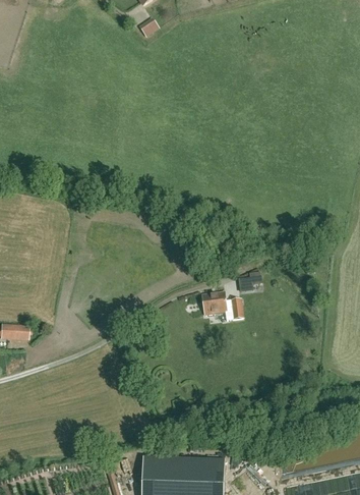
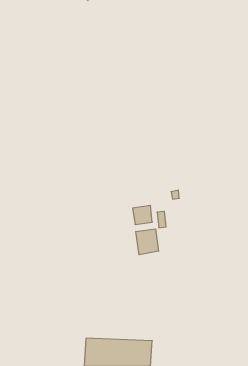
building: none -> [136,229,158,255]

